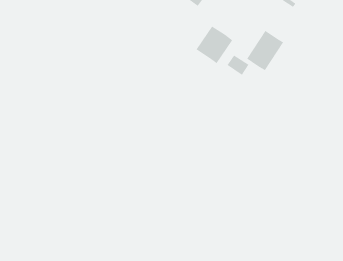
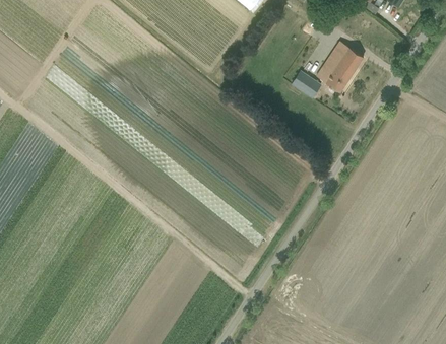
building: [195,25,233,64] -> none

